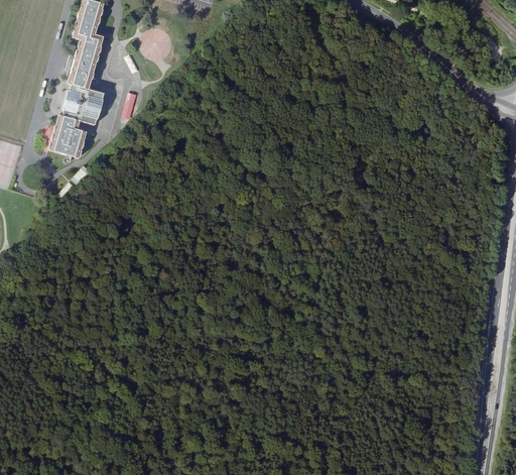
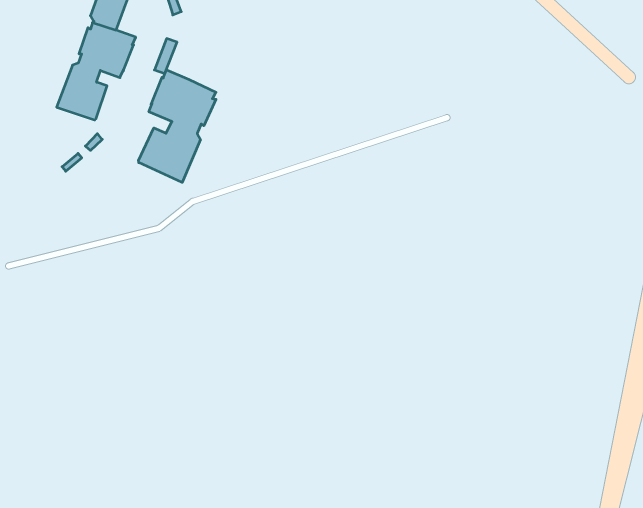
building: none -> [138,70,216,182]

